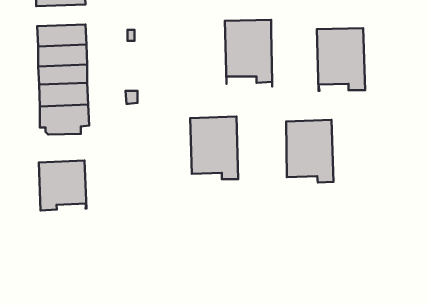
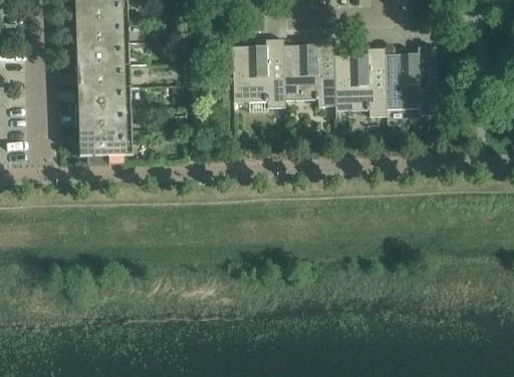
building: none -> [75,22,130,46]
building: [190,116,238,179] -> [232,40,285,109]
building: [286,120,333,183] -> [334,49,387,118]
building: [39,160,86,211] -> none

